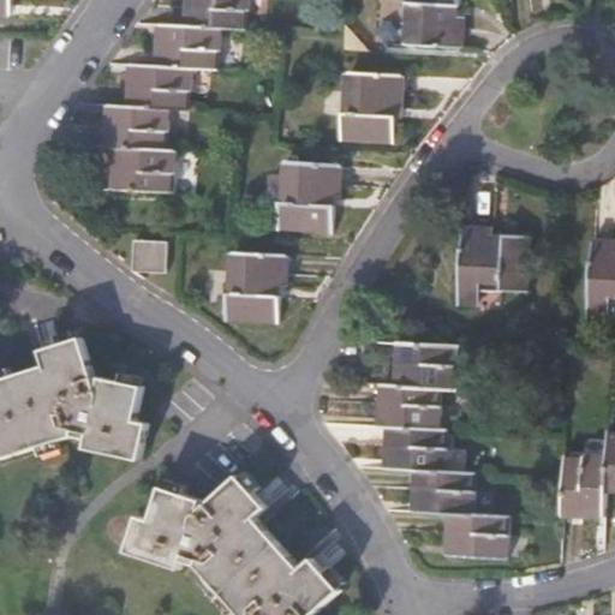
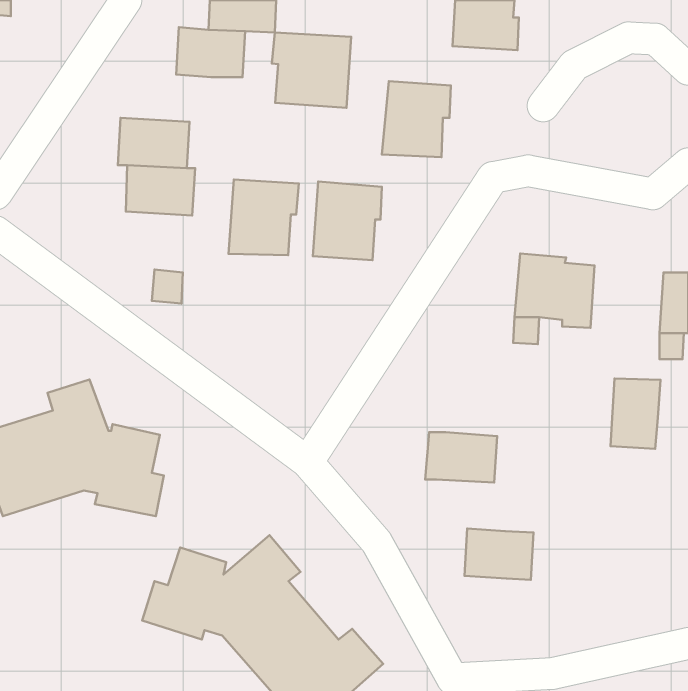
building: none -> [272,33,351,108]
building: [127,65,187,109] -> none
building: [223,253,286,321] -> [229,179,299,255]
building: [395,344,456,389] -> none
building: [384,426,452,472] -> none
building: [561,455,605,518] -> [610,379,661,449]
building: [448,514,507,556] -> none

